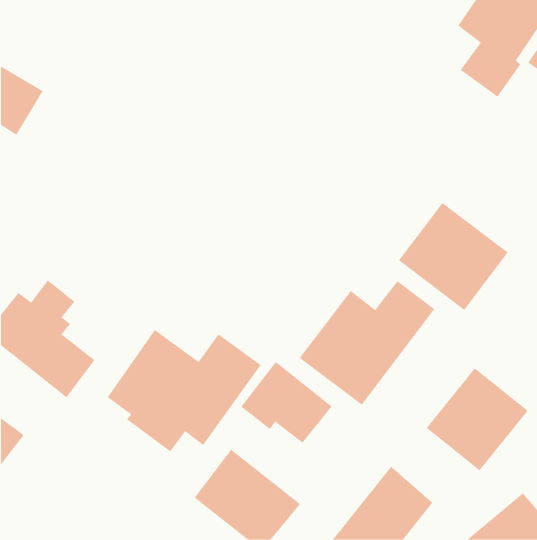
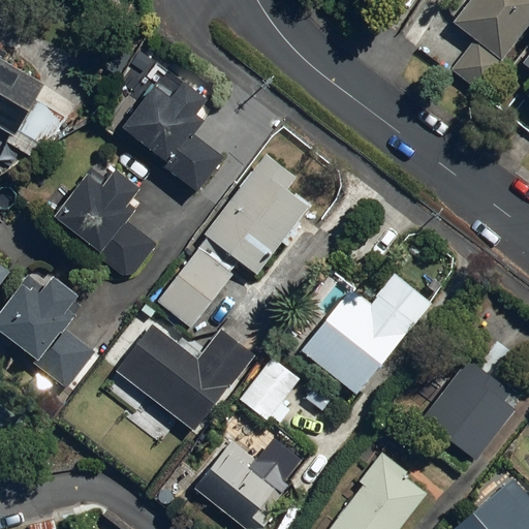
building: none -> [107,74,222,193]
building: none -> [43,146,162,283]
building: none -> [157,149,303,332]
building: [398,202,509,311] -> none

